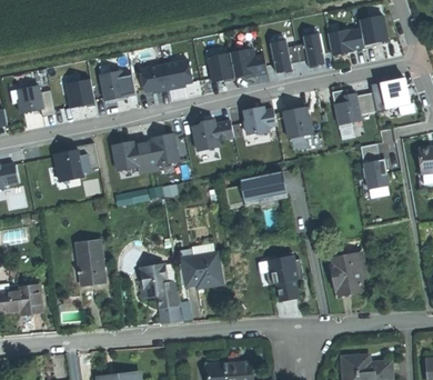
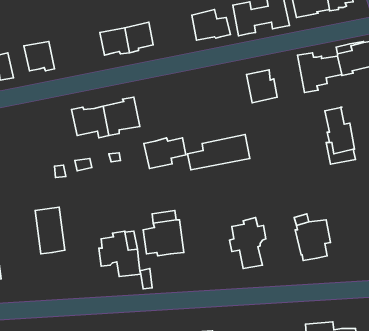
building: [208,53,234,82] -> none
building: [100,71,135,103] -> none
building: [244,108,276,134] -> none
building: [192,121,233,151] -> [144,138,186,169]
building: [54,142,99,180] -> none

